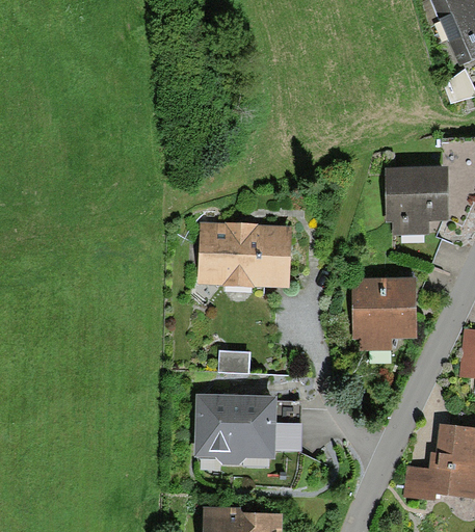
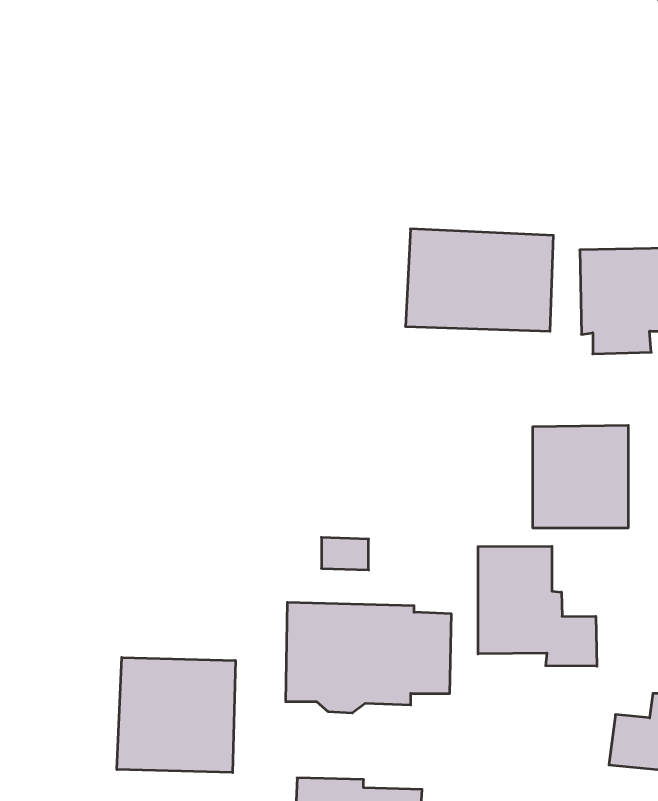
building: [196,222,291,288] -> [405,229,553,331]
building: none -> [478,546,597,666]
building: none -> [117,657,235,773]

